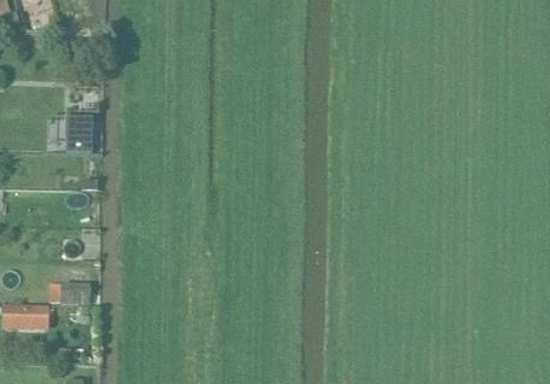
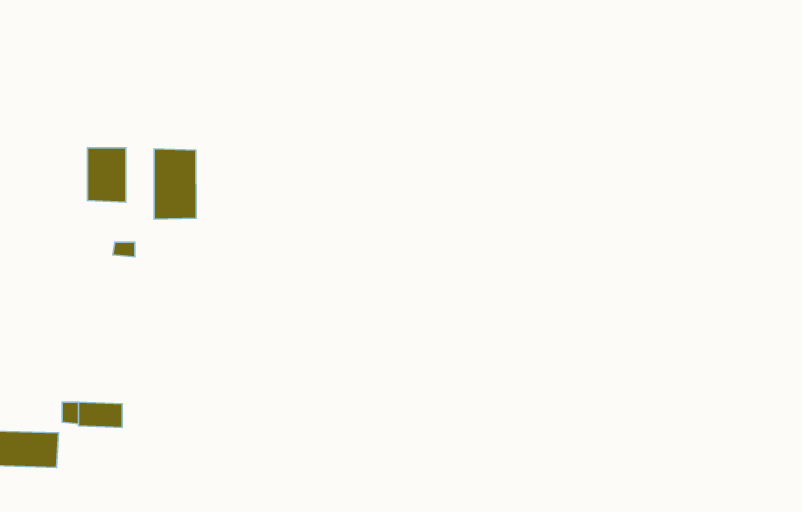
building: none -> [154,149,196,219]

